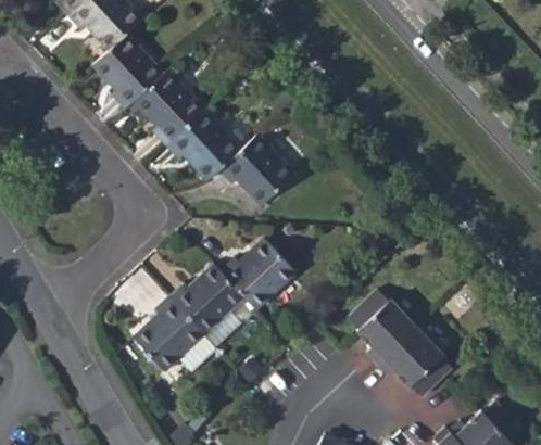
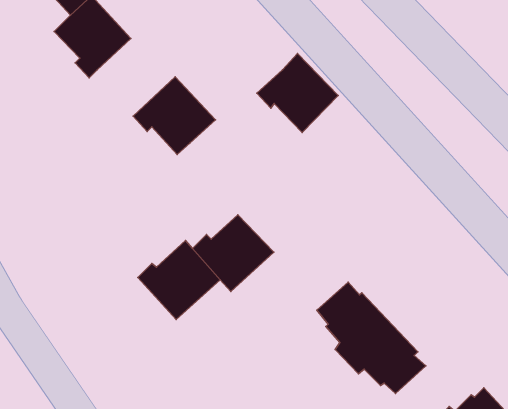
building: [134,67,206,144] -> none
building: [221,132,297,206] -> [257,54,338,133]
building: [135,295,207,371] -> none

